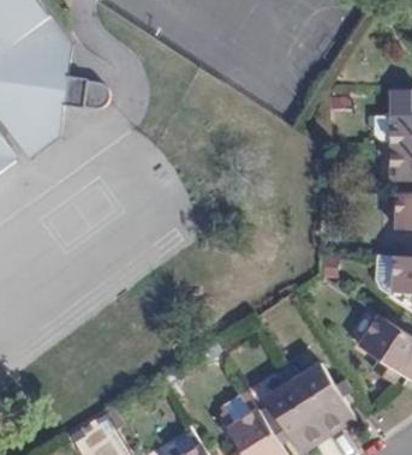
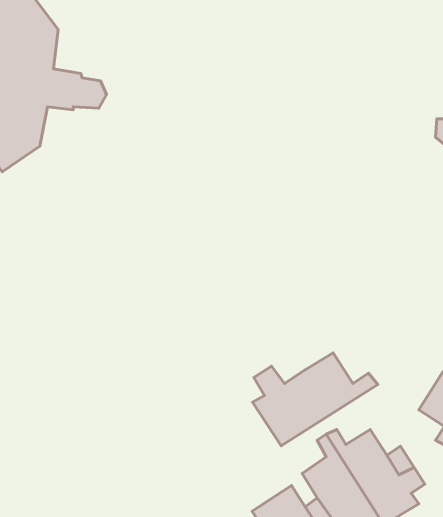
building: none -> [252,353,378,446]

